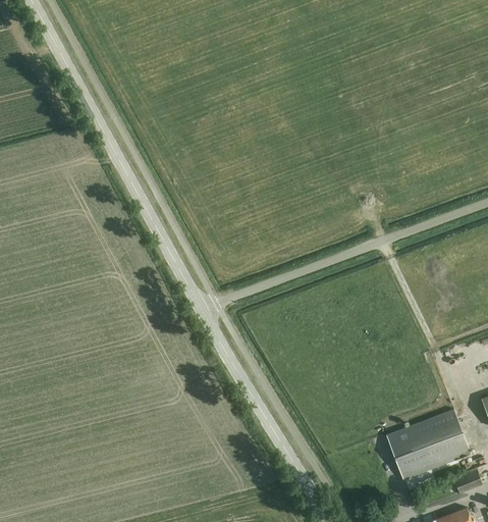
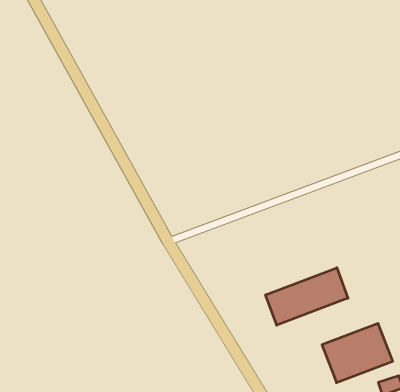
building: none -> [266,268,348,325]

